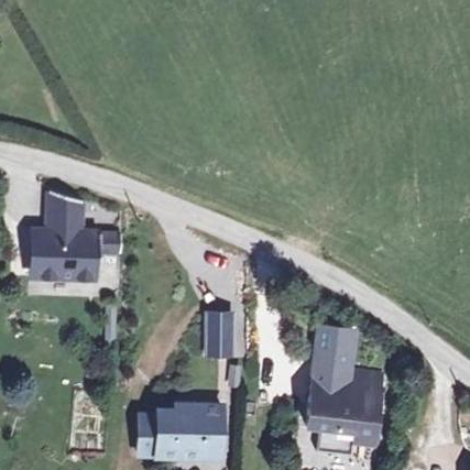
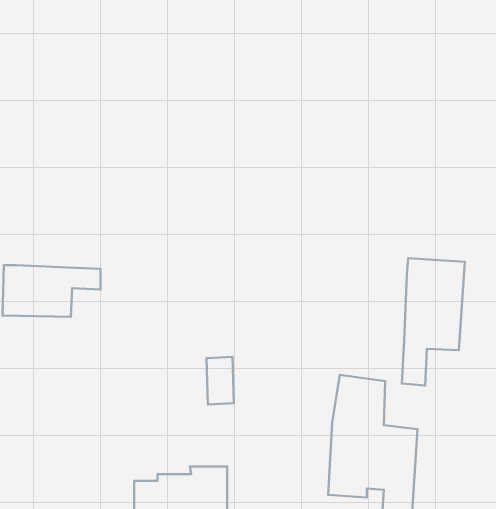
building: [44,196,89,236] -> none
building: none -> [402,258,465,385]

